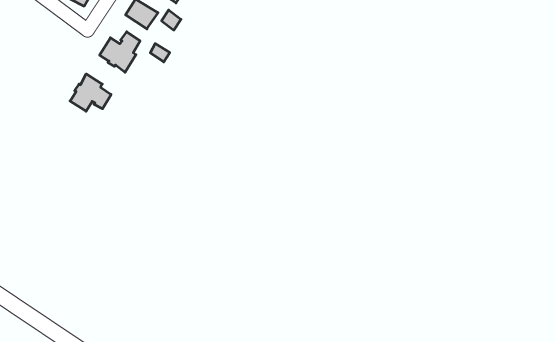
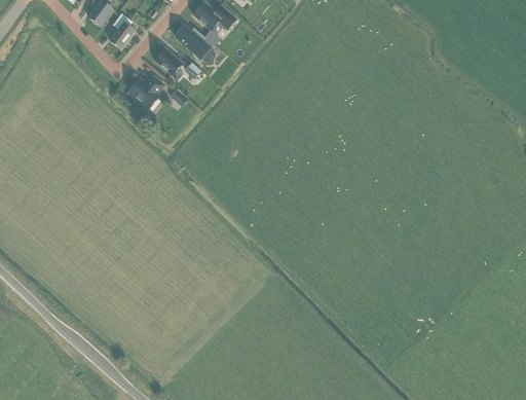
building: [70,74,111,111] -> none

